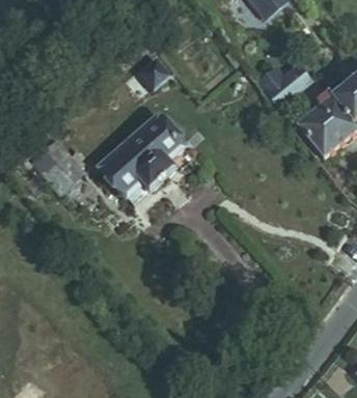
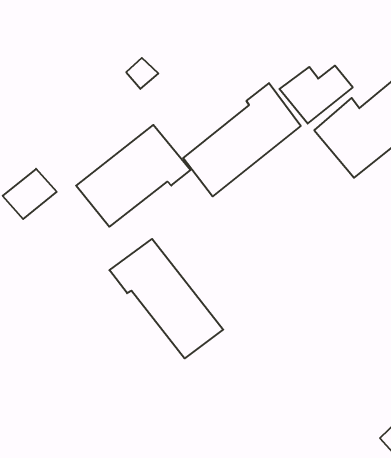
building: none -> [183,83,301,196]
building: none -> [109,239,223,358]

